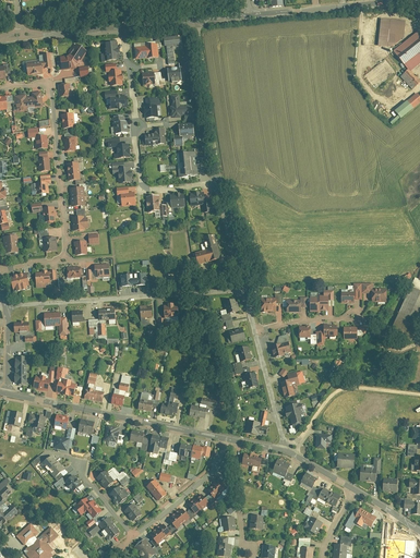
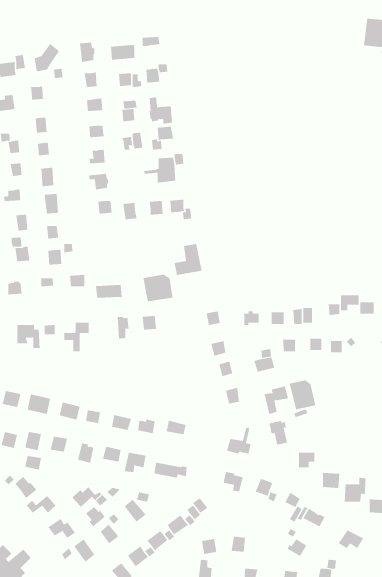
building: none -> [143,274,173,302]
building: none -> [289,379,316,410]

